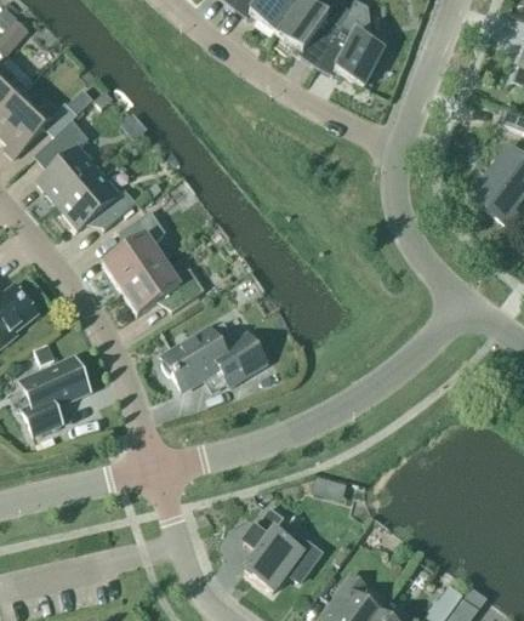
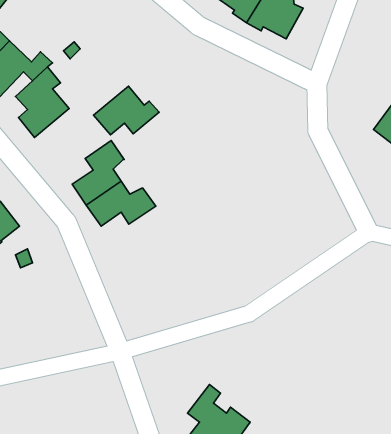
building: [57,171,137,230] -> [94,86,159,135]
building: [163,324,266,389] -> none
building: [22,358,90,435] -> none

